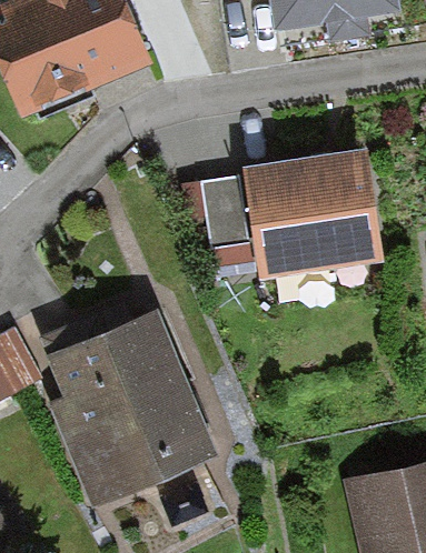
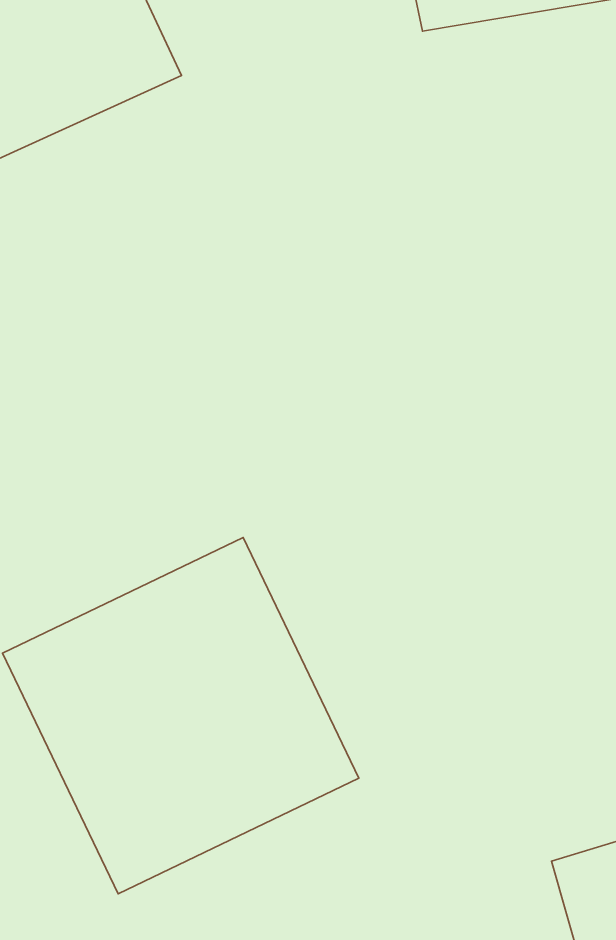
building: [228,163,360,296] -> none

